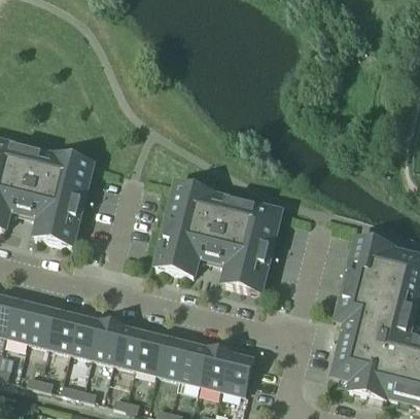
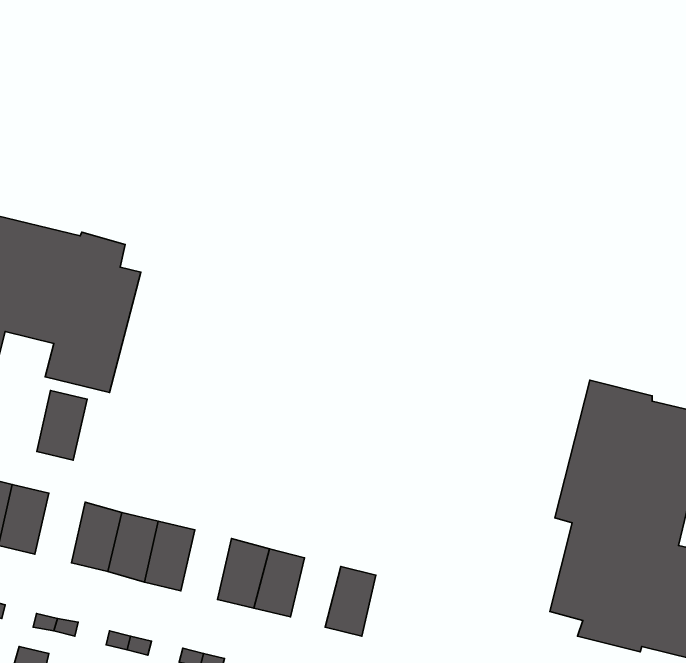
building: [155,186,278,293] -> none
building: [28,306,58,347] -> [37,391,87,460]
building: [114,327,144,369] -> none
building: [179,344,209,385] -> none
building: [221,354,253,395] -> none

